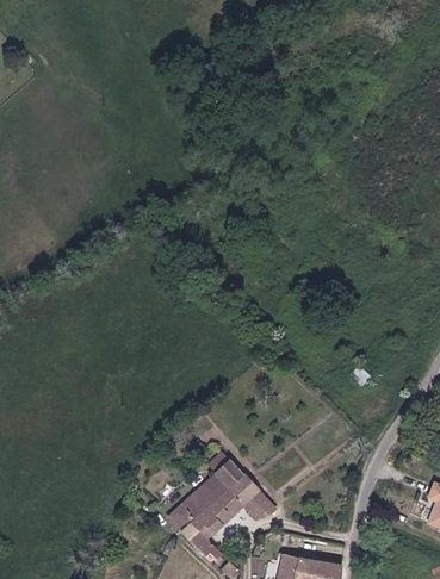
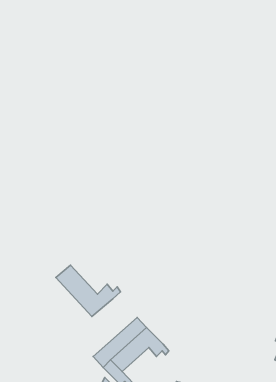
building: none -> [56,265,120,316]

